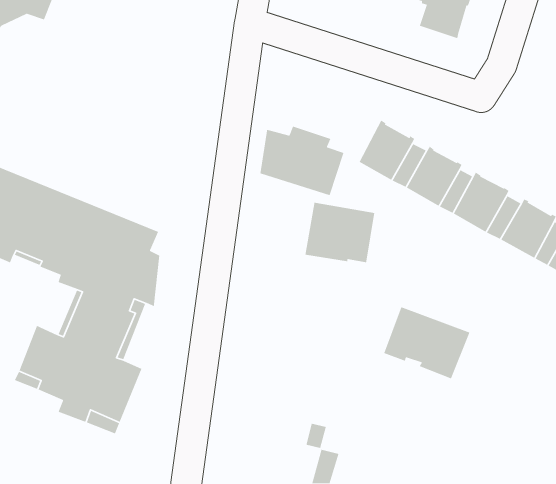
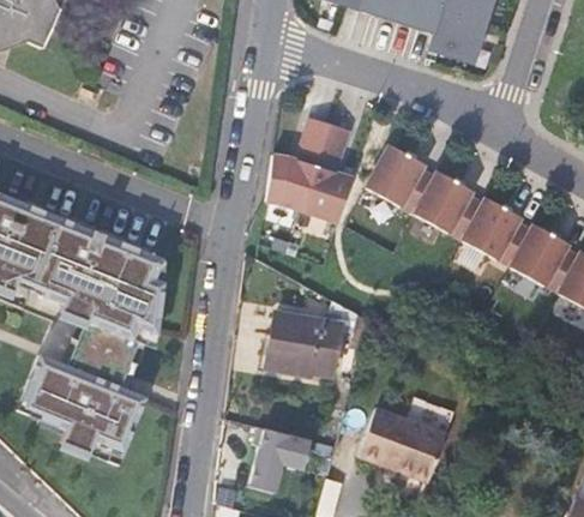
building: none -> [299,118,348,163]
building: [304,202,375,263] -> [267,313,339,375]
building: [383,306,470,379] -> [359,408,447,482]
building: none -> [249,425,311,491]

